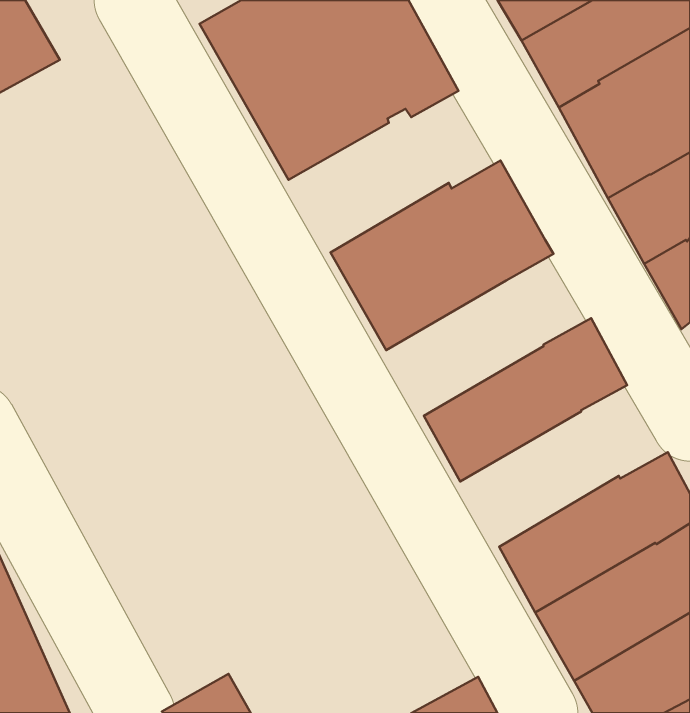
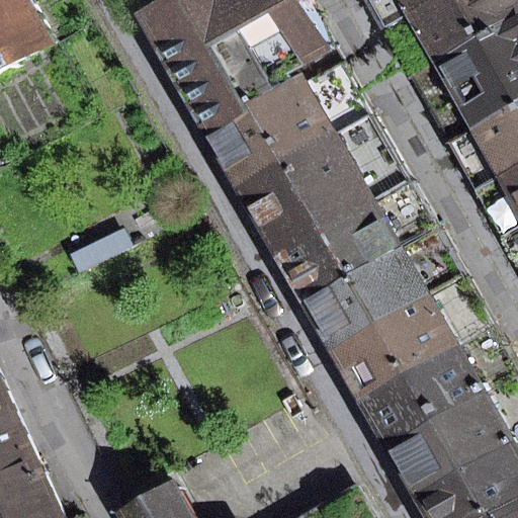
building: none -> [209,66,363,183]
building: none -> [280,184,429,301]
building: none -> [334,279,485,397]

